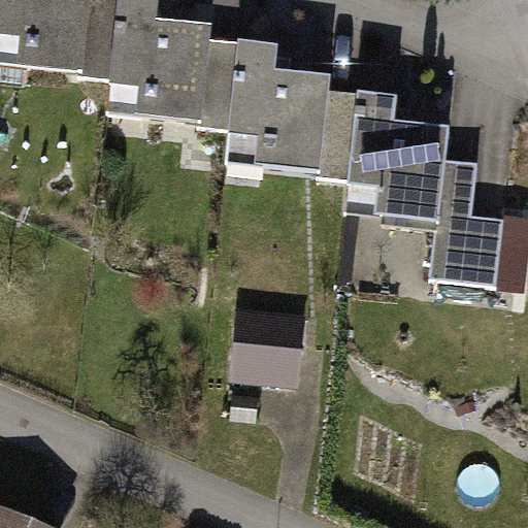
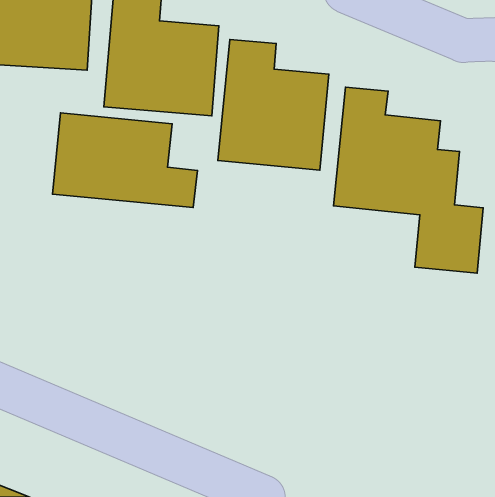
building: none -> [53,113,197,208]
building: [226,308,298,384] -> none

